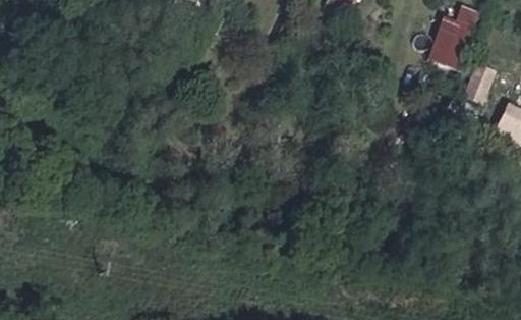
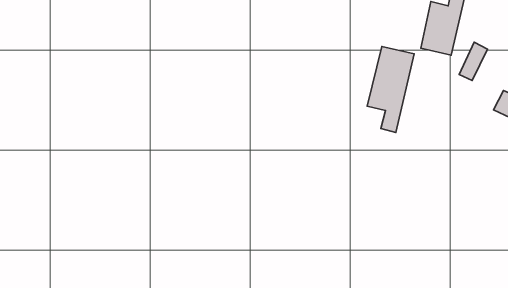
building: none -> [367,46,414,132]

